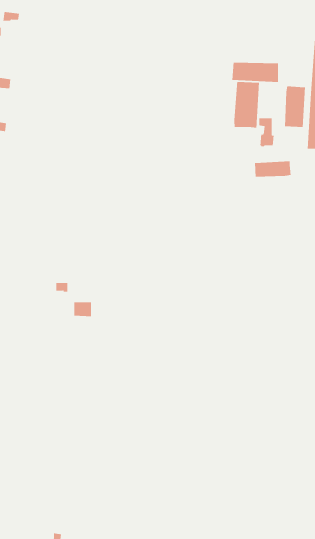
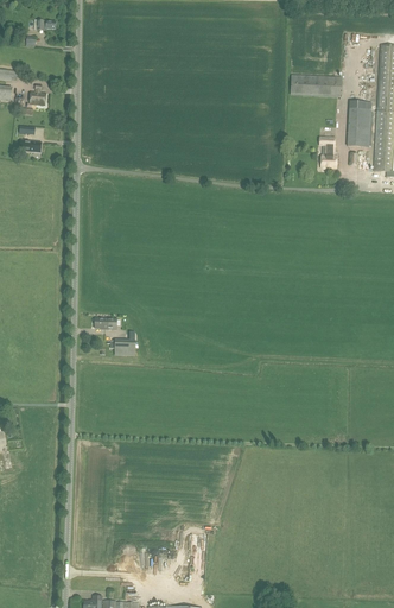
building: [234,81,259,129] -> none
building: [254,161,291,177] -> none

